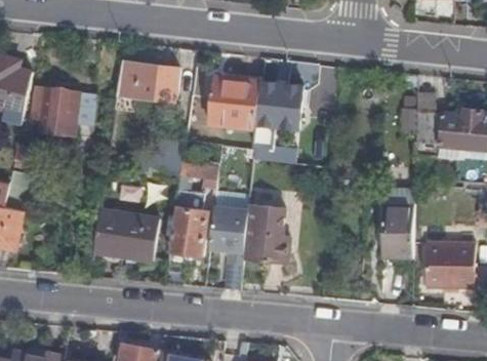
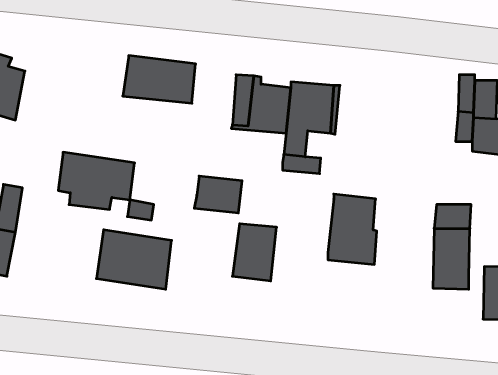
building: [29,85,94,134] -> [58,152,135,209]
building: [242,202,284,263] -> [328,194,377,264]
building: [168,205,207,256] -> none

